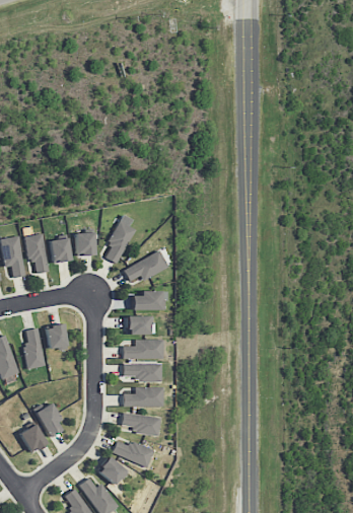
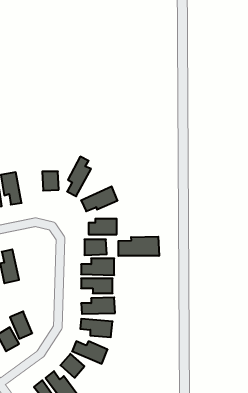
building: [50,237,70,262] -> none
building: none -> [118,237,159,256]
building: [47,324,67,349] -> none

